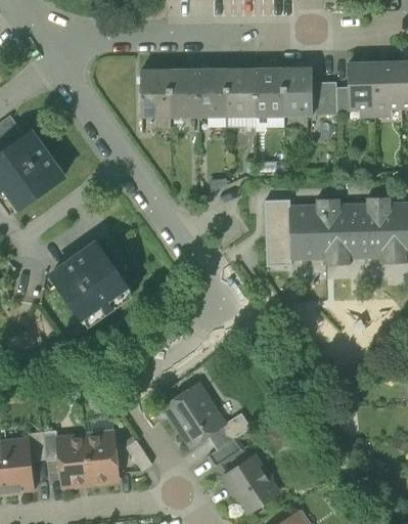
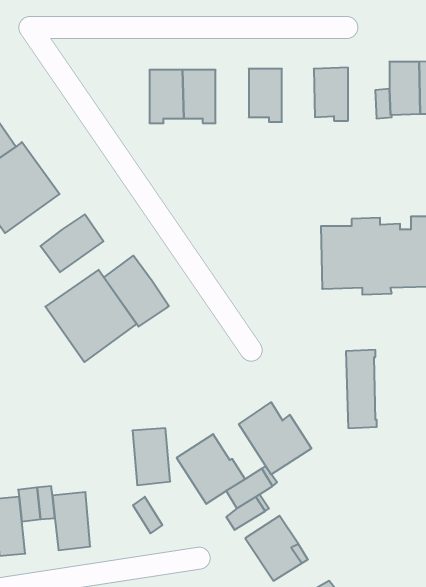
building: [198,69,227,116] -> none
building: [256,69,284,115] -> none
building: [313,82,337,114] -> none
building: none -> [40,214,103,272]
building: [265,199,291,266] -> [346,350,377,428]
building: none -> [104,256,169,327]
building: none -> [239,402,311,475]
building: [86,433,119,482] -> [132,428,170,485]

